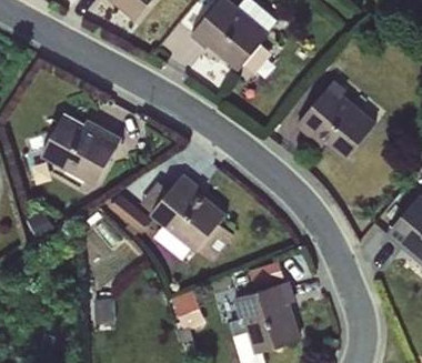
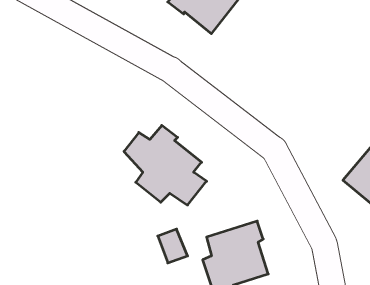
building: [297,80,378,161] -> none
building: [40,112,124,186] -> none

